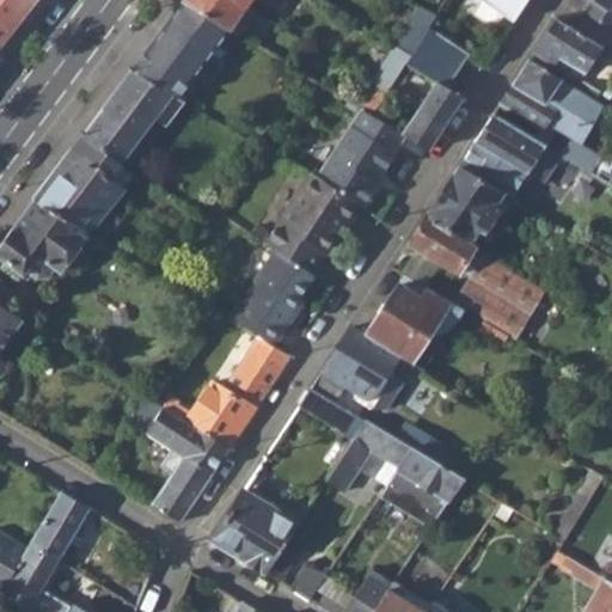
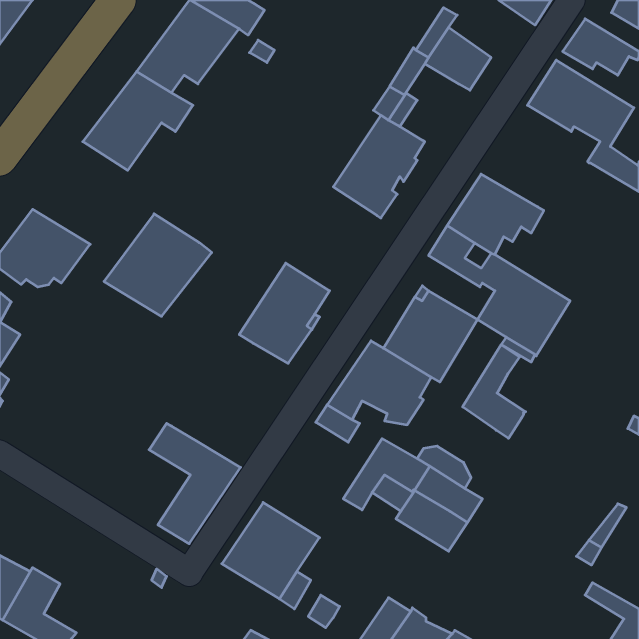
building: [403,81,463,151] -> none
building: [459,116,563,198] -> none
building: [31,136,134,234] -> [104,214,212,316]
building: [267,176,360,279] -> none
building: [164,329,289,447] -> none
building: none -> [463,345,526,438]
building: [31,490,86,558] -> none

